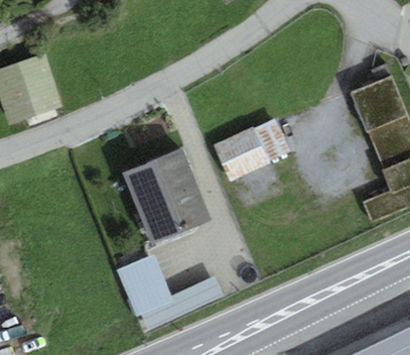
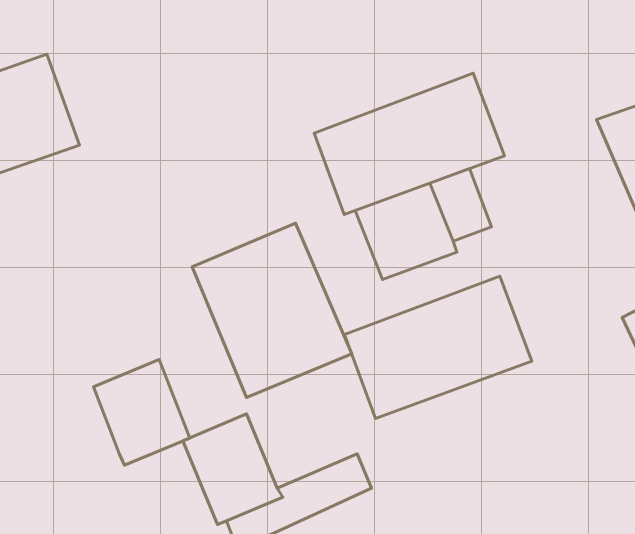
building: none -> [314,73,504,215]
building: none -> [345,276,532,418]
building: none -> [94,360,190,465]

